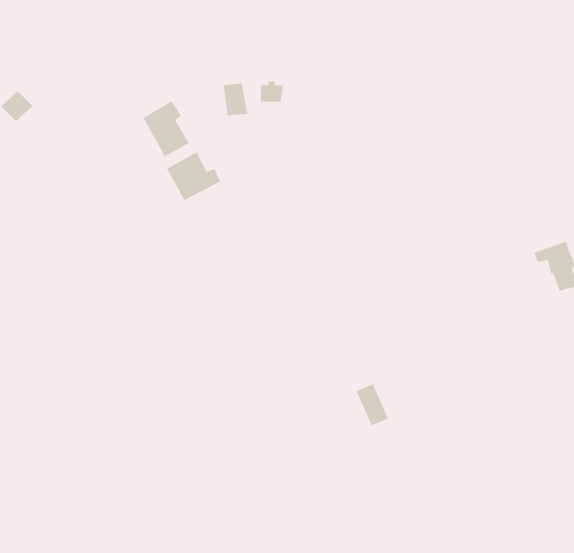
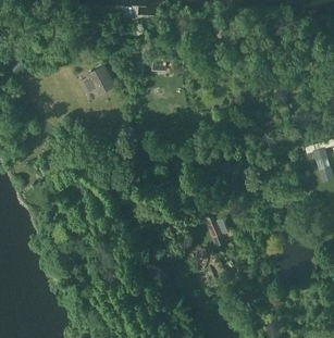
building: [166,152,221,201] -> none

